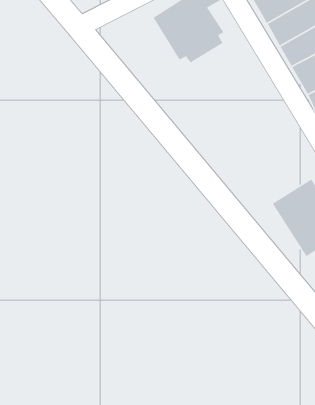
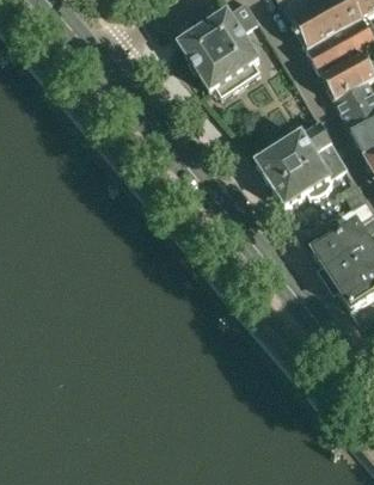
building: none -> [255,121,347,204]

